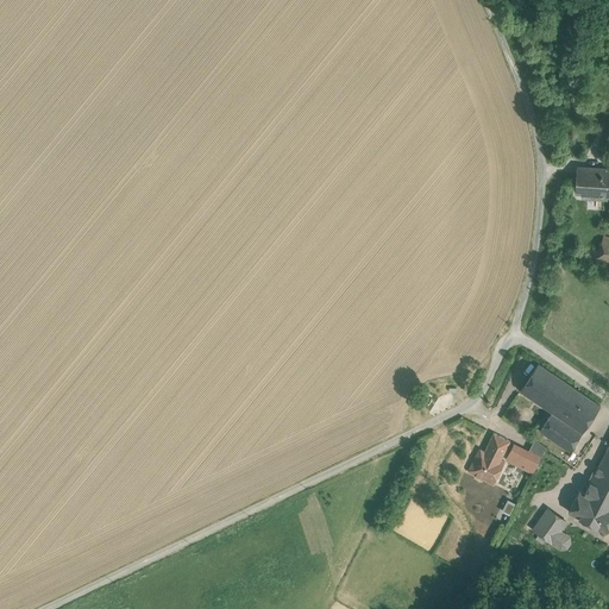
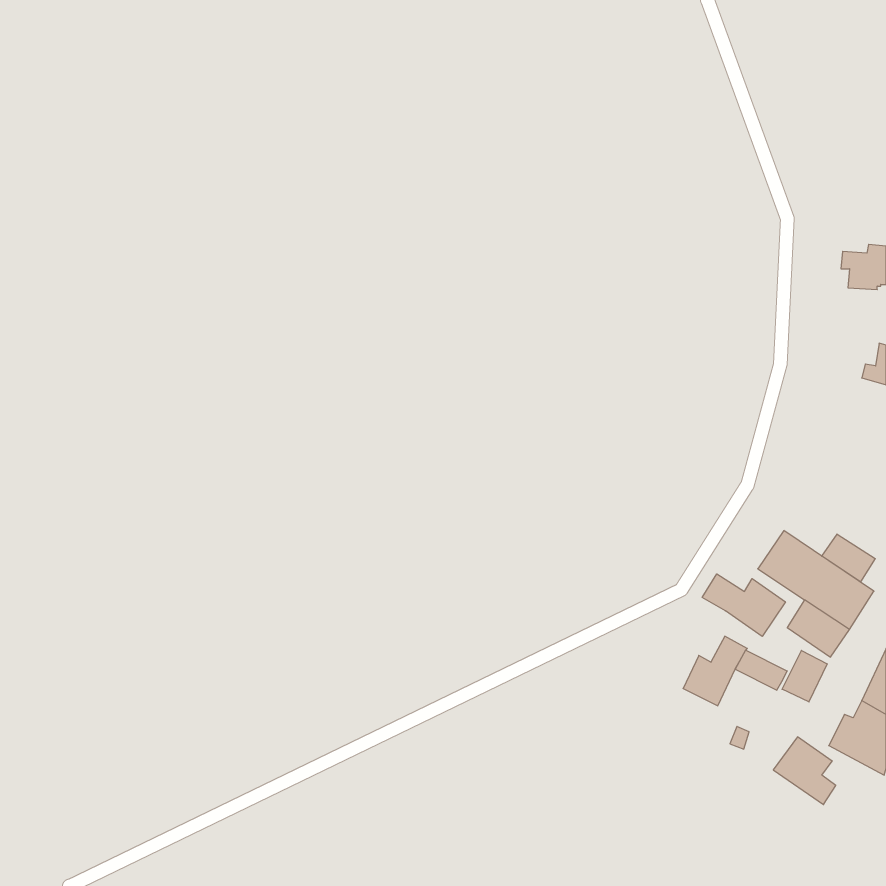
building: none -> [822,534,875,582]
building: none -> [702,574,785,636]
building: none -> [782,650,827,702]

